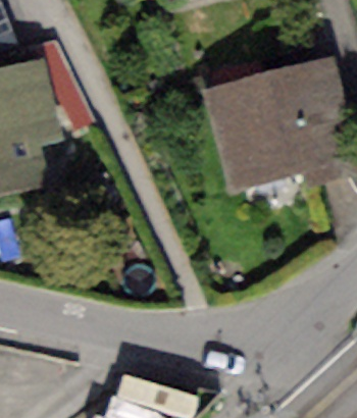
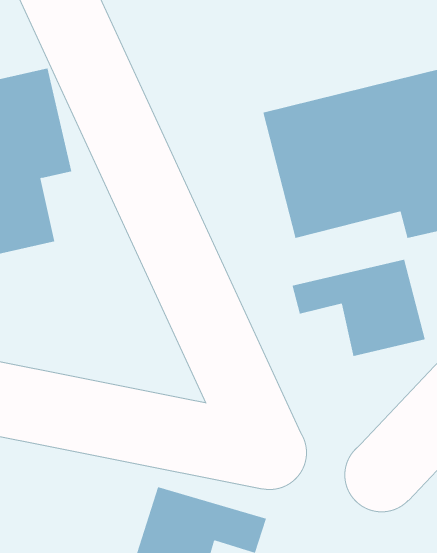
building: none -> [292,259,426,357]

